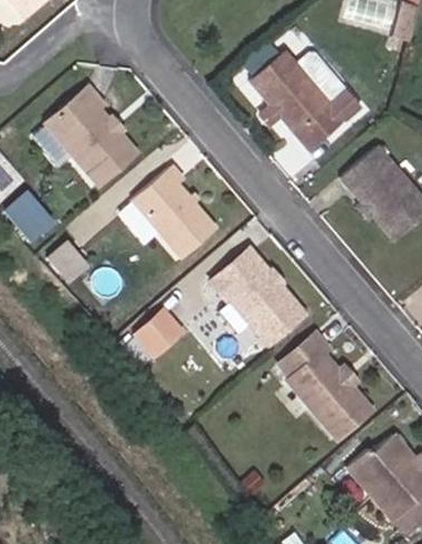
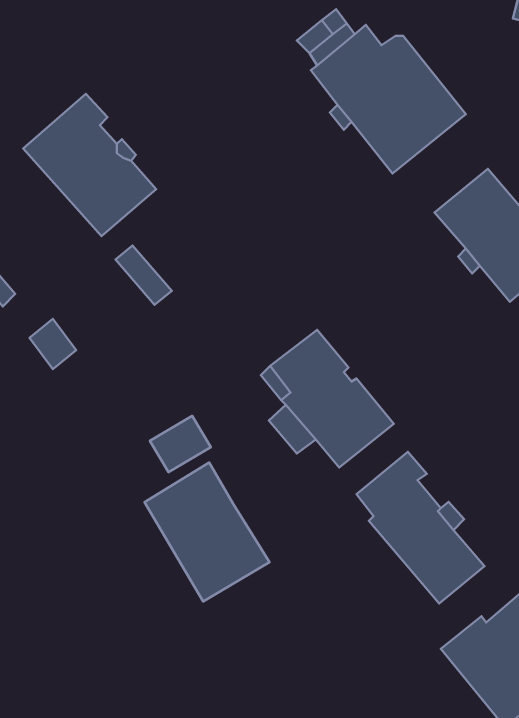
building: [136,169,220,262] -> none
building: none -> [145,462,269,602]

